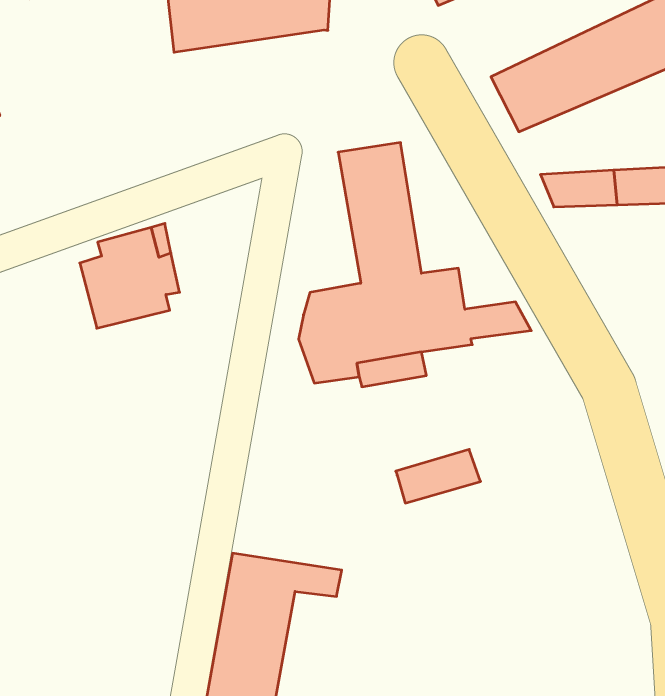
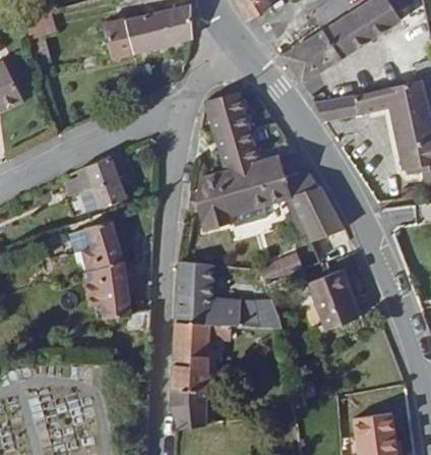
building: none -> [288,184,347,242]
building: none -> [72,222,129,317]
building: none -> [175,261,280,326]
building: none -> [307,269,358,330]

